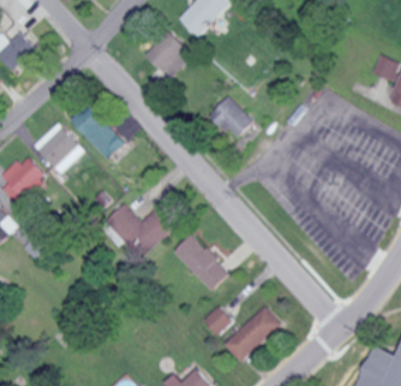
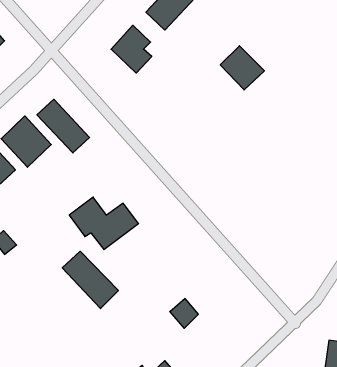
building: [208,95,252,139] -> [220,46,264,90]
building: [173,233,229,291] -> [62,251,118,309]
building: [223,305,281,362] -> none

